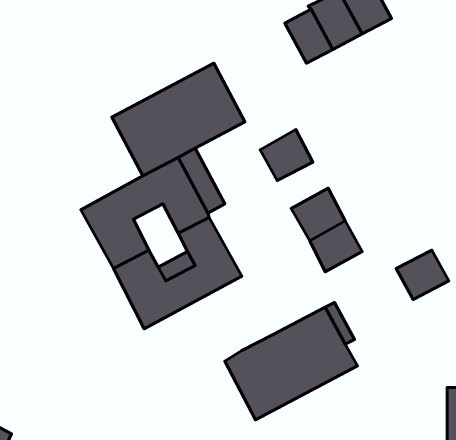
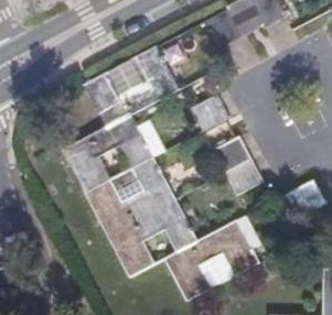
building: none -> [107,197,199,276]

